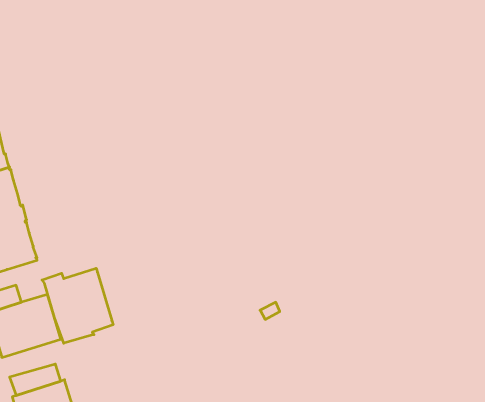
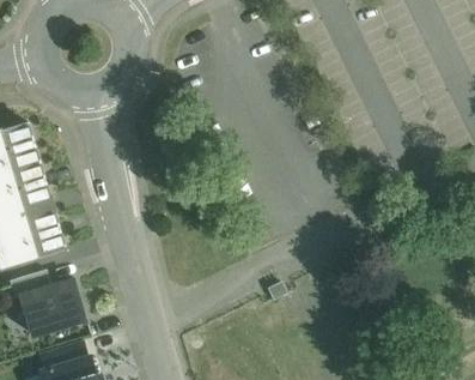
building: [42,268,113,343] -> none

